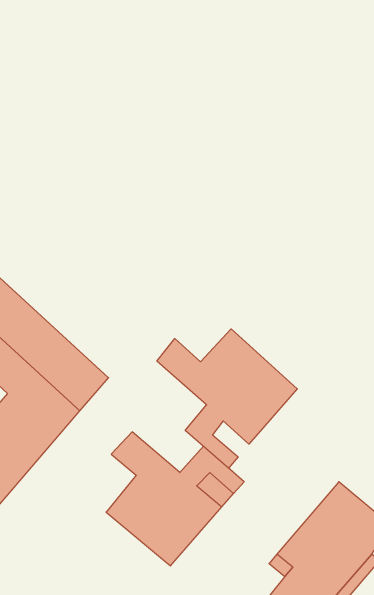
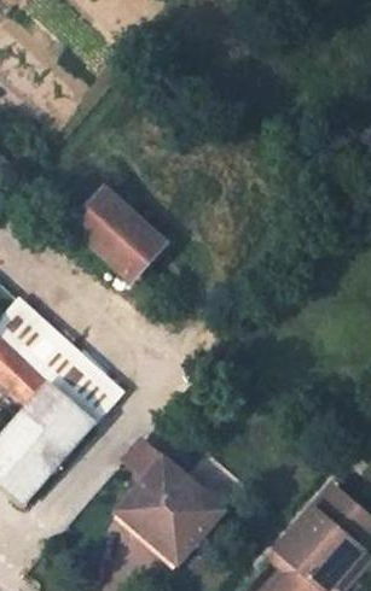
building: none -> [71,188,163,277]
building: [157,329,297,468] -> none

